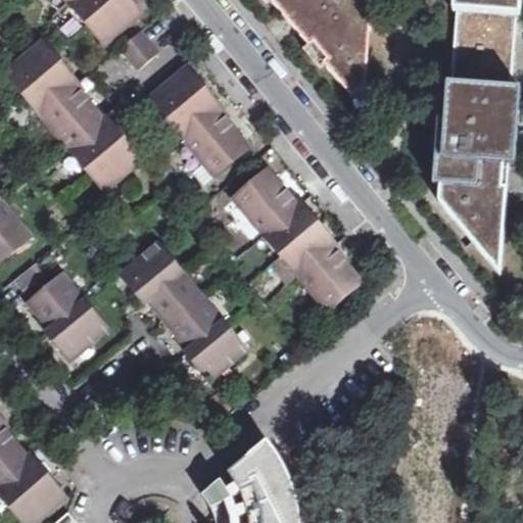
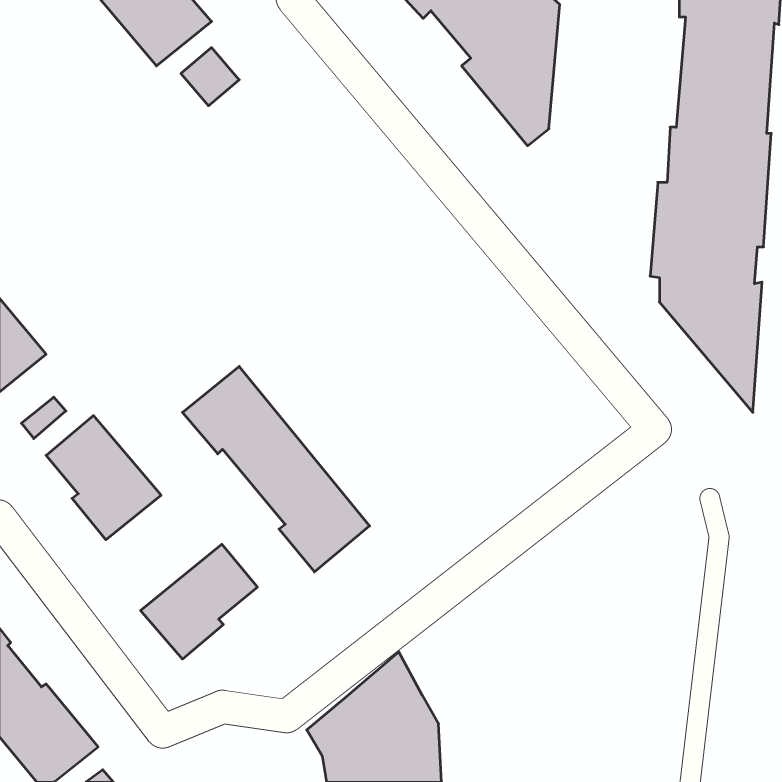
building: [7,43,142,191] -> none
building: [151,68,248,176] -> none
building: [234,171,362,310] -> none
building: none -> [141,544,257,659]

